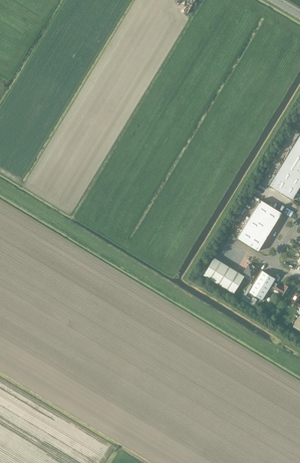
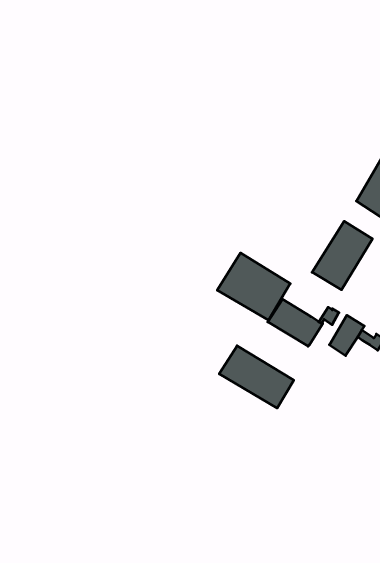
building: none -> [217,253,290,320]
building: none -> [219,346,294,408]

